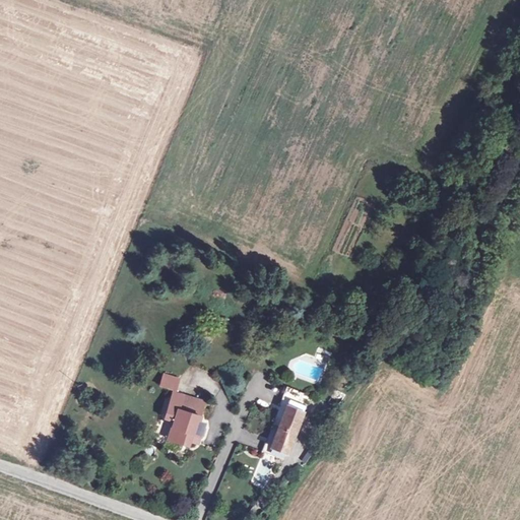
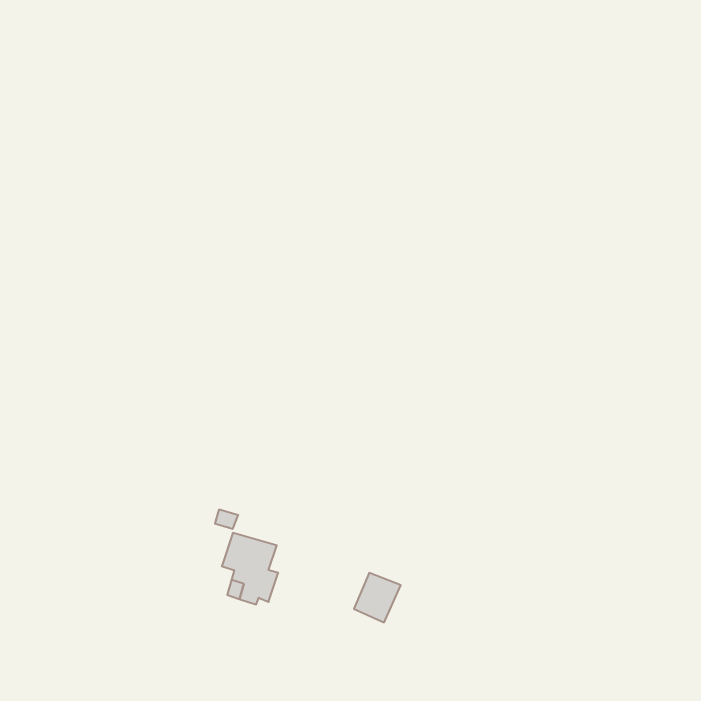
building: [274,395,310,432] -> none

